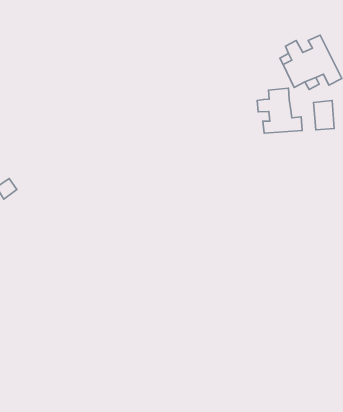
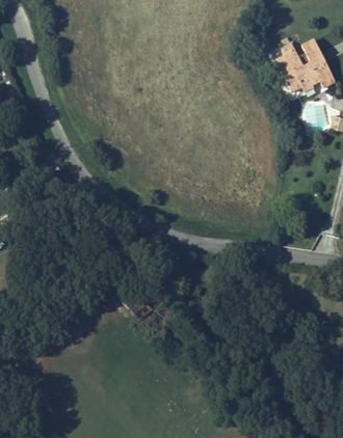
building: [257,88,302,133] -> none

